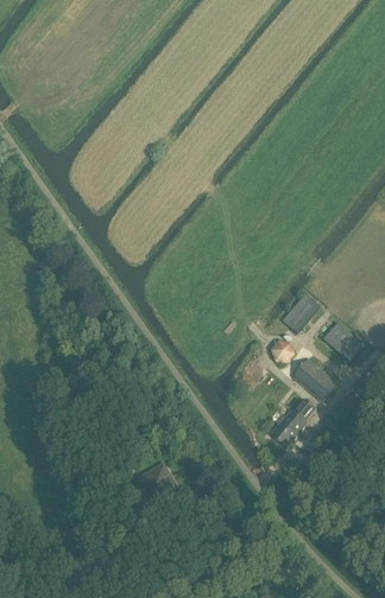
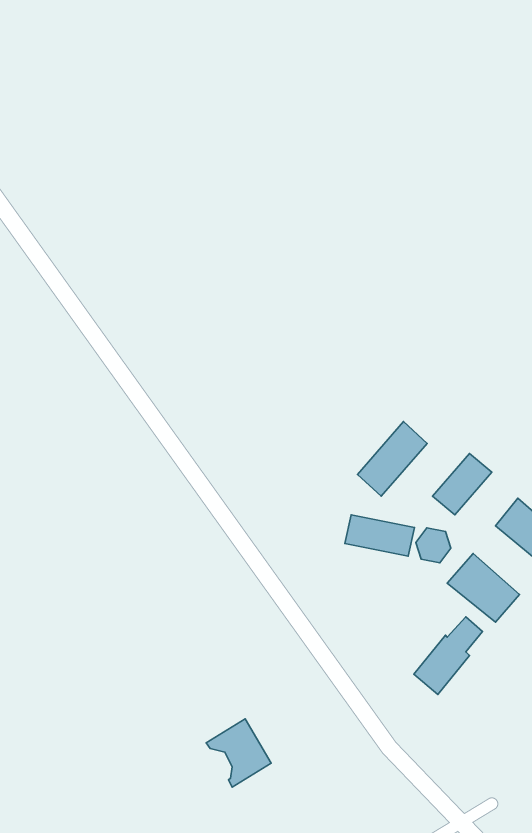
building: none -> [357,422,427,496]
building: none -> [345,515,415,556]

